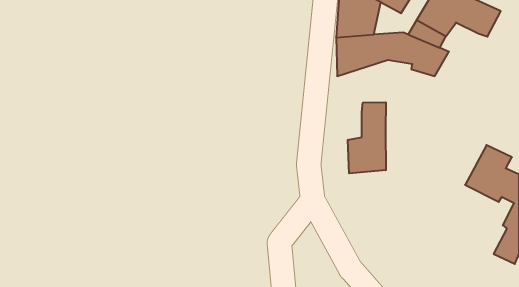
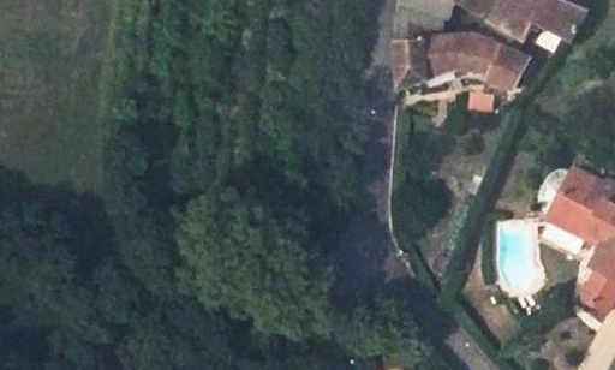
building: [348,102,386,173] -> none

